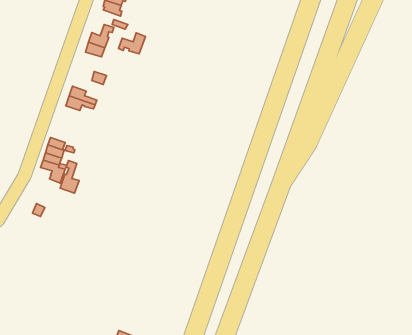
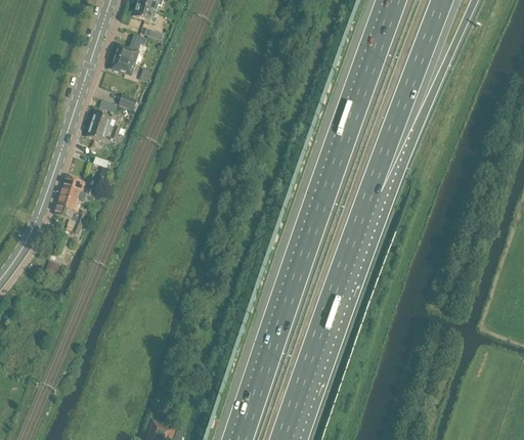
building: [118,33,145,54] -> none
building: [60,160,79,193] -> none

